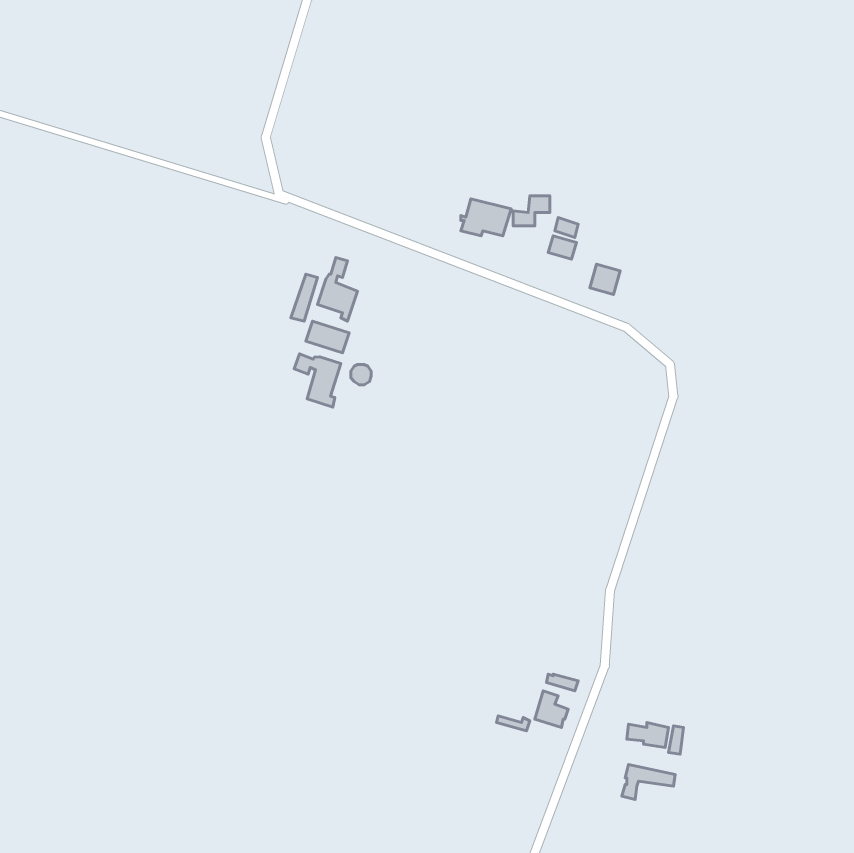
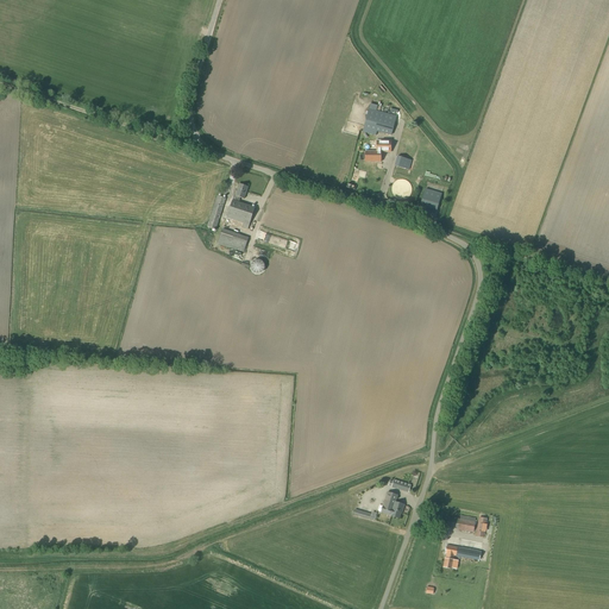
building: [461,199,511,236] -> [362,108,397,134]
building: [294,354,341,407] -> none

